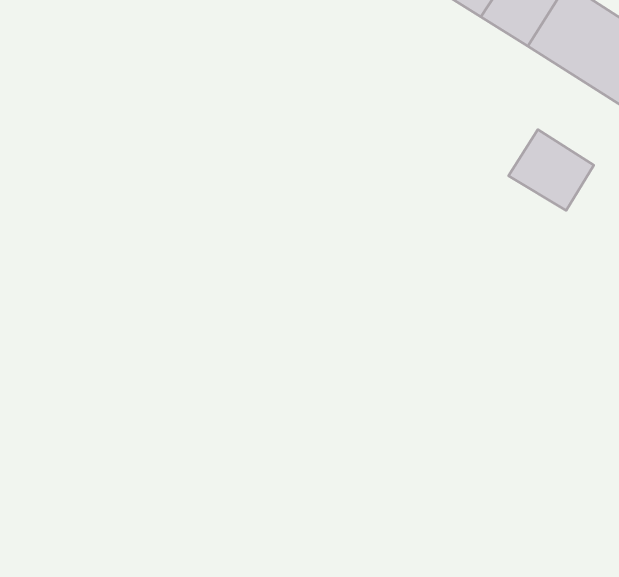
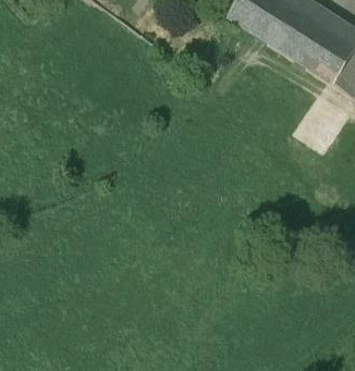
building: [508,129,594,211] -> none

